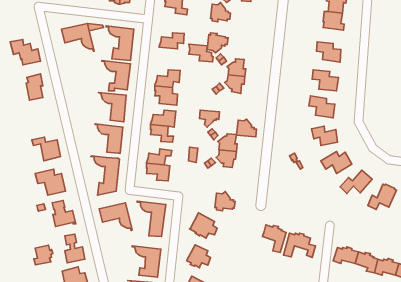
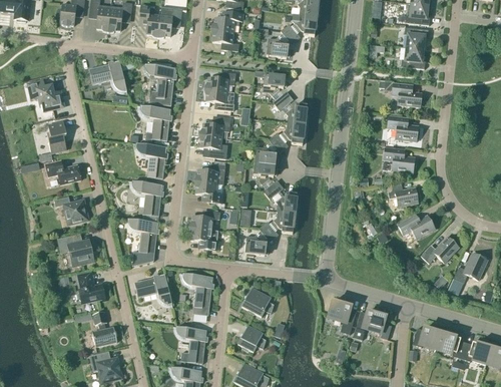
building: [189,44,213,62] -> [204,89,233,110]
building: none -> [44,160,80,184]
building: [236,119,257,137] -> [254,145,278,166]
building: [215,191,235,211] -> [243,234,268,257]
building: [34,245,53,265] -> none

